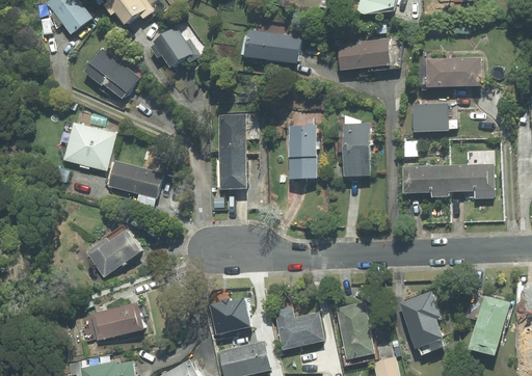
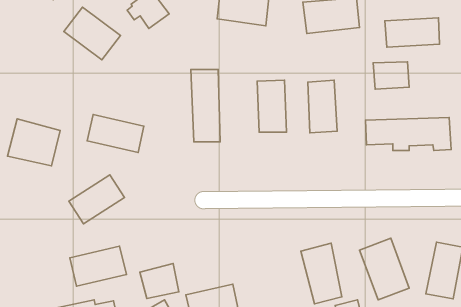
building: [60,122,116,171] -> [7,119,60,166]
building: [203,297,244,334] -> [140,263,179,299]
building: [272,304,325,349] -> none

